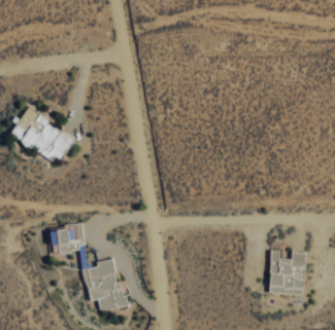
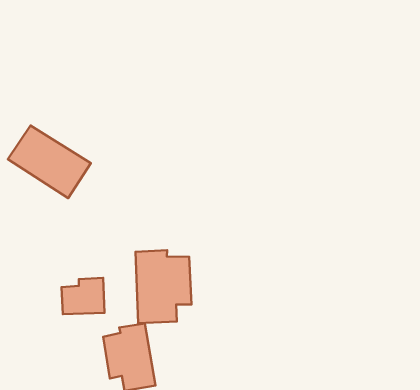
building: none -> [135,250,192,323]
building: [269,250,305,295] -> none

